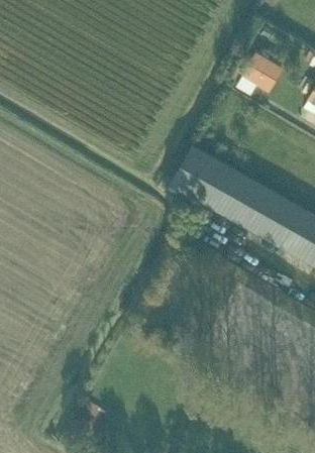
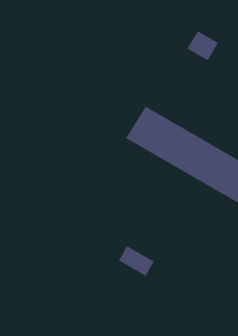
building: none -> [118,245,154,277]

